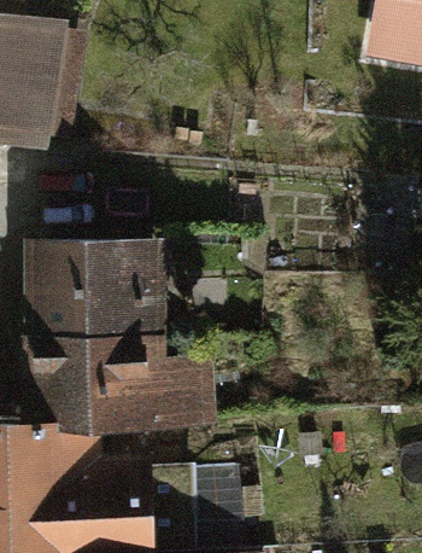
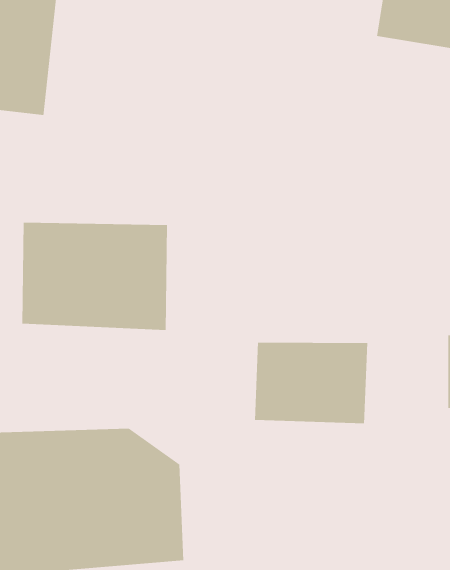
building: [36,328,216,427] -> none
building: none -> [254,342,368,424]

